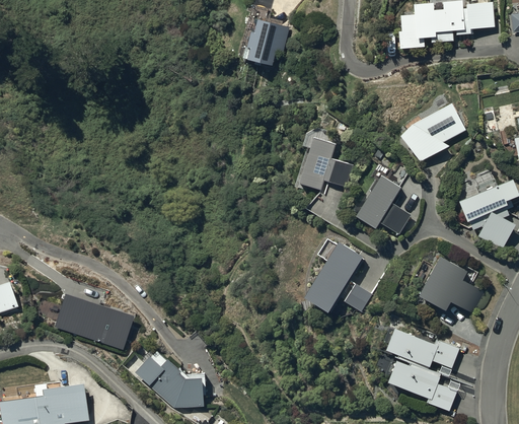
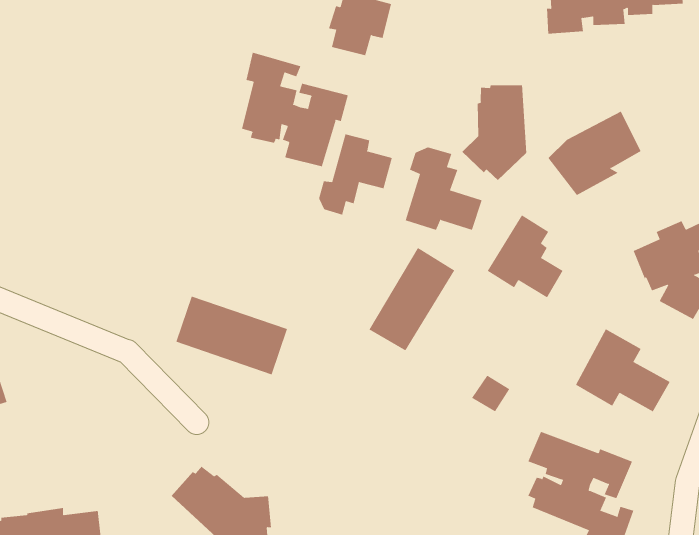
building: none -> [242,52,349,167]
building: none -> [462,85,527,181]
building: none -> [319,133,392,216]
building: [303,245,364,319] -> [368,247,455,351]
building: [55,296,134,352] -> [175,296,288,375]

